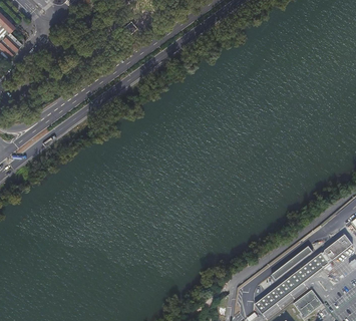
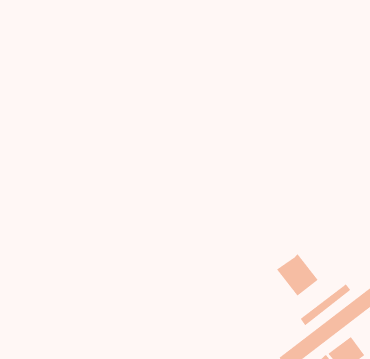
building: none -> [276,253,319,297]

